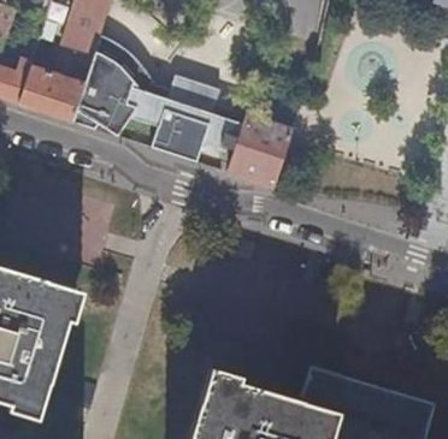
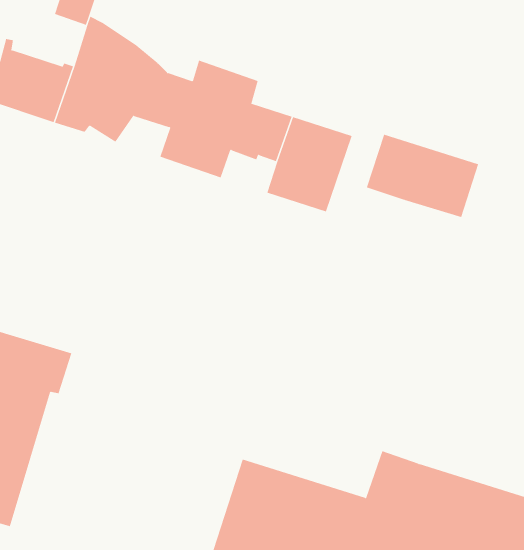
building: none -> [366,134,479,218]

